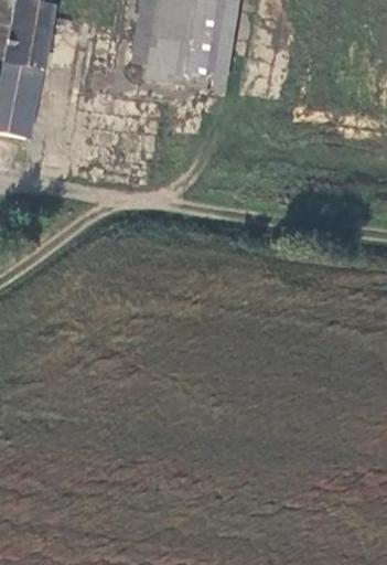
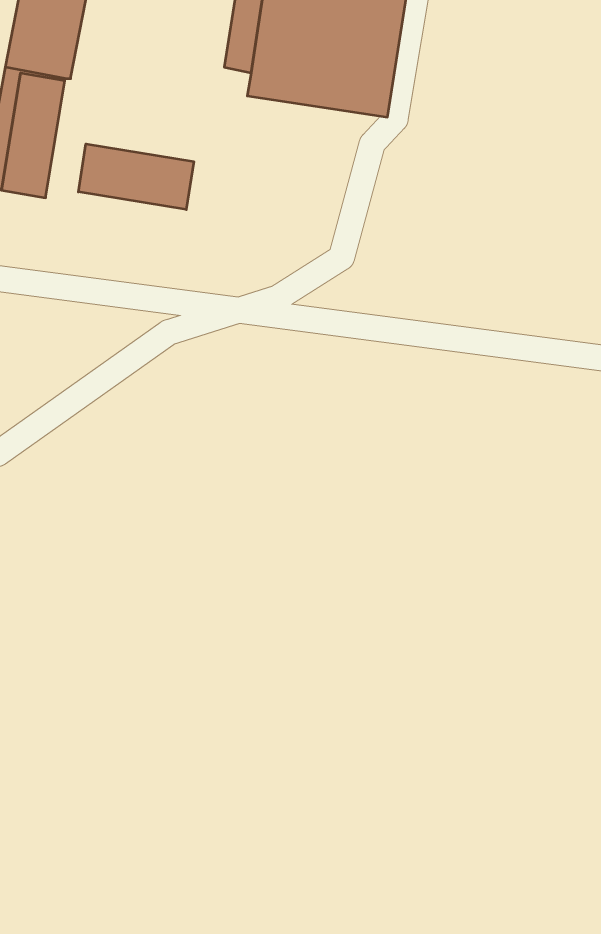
building: none -> [78,144,194,210]

